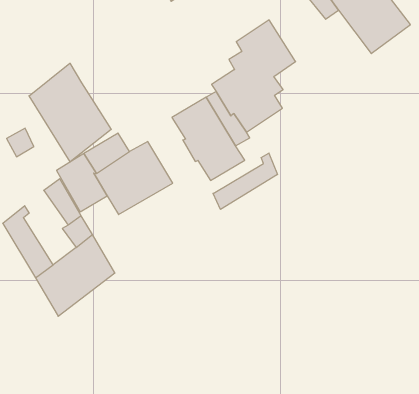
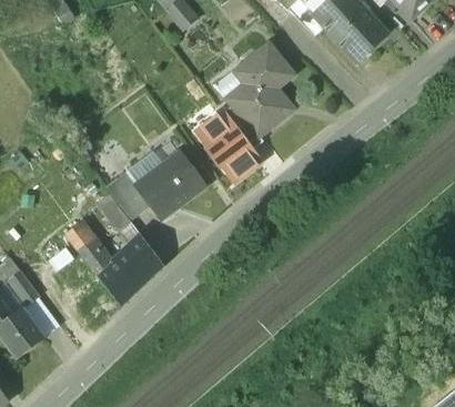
building: [29,63,111,162] -> none
building: [213,153,277,209] -> none

